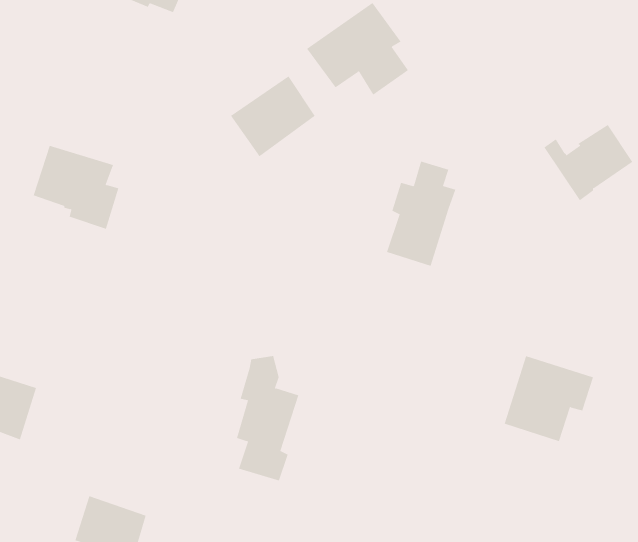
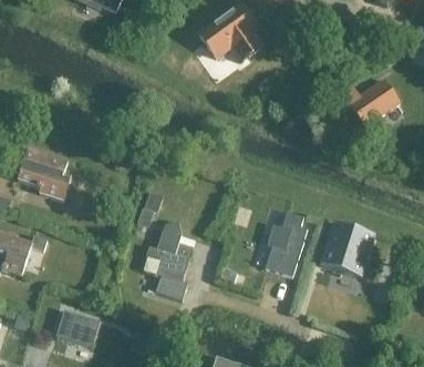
building: [230,76,315,157] -> none
building: [33,145,119,230] -> [18,149,71,201]
building: [386,161,456,267] -> [265,212,308,277]

